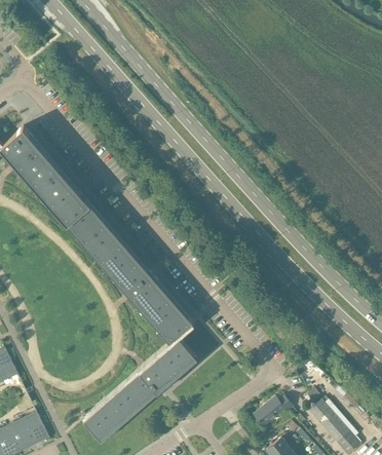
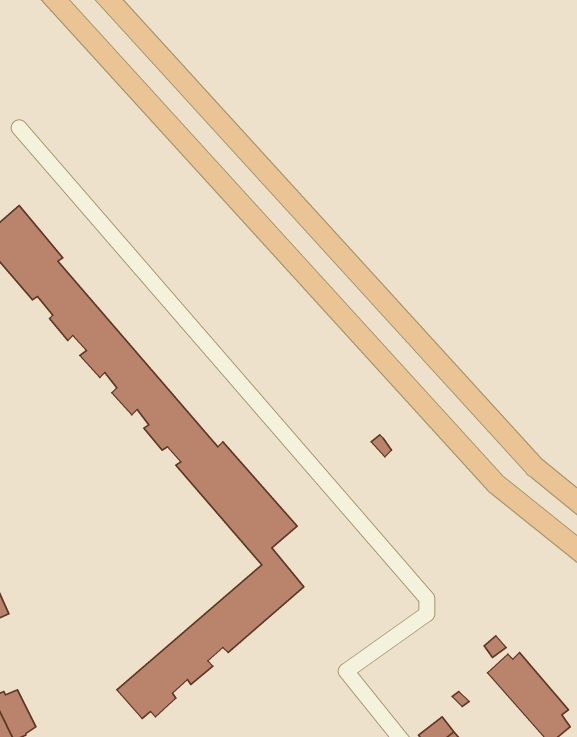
building: [254,396,294,426] -> none
building: [23,411,49,444] -> none

